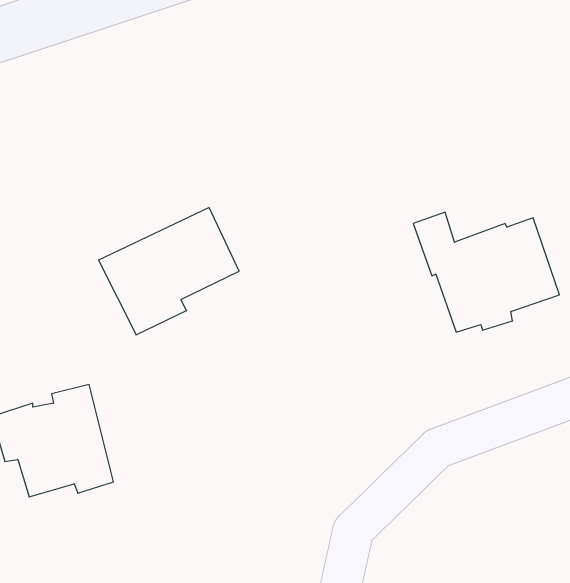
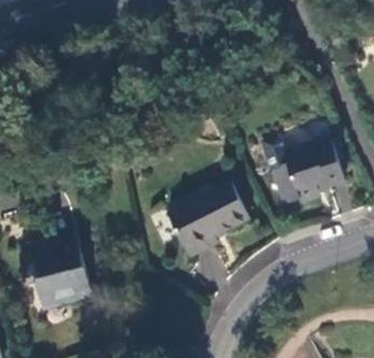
building: [99,208,239,335] -> [169,184,250,258]

